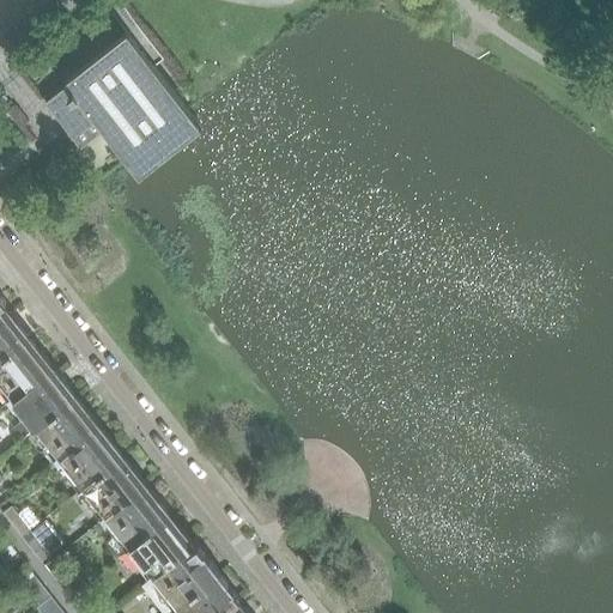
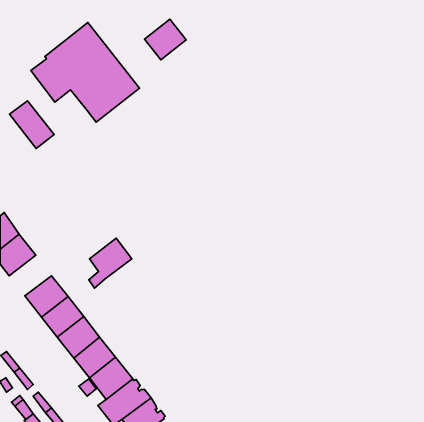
building: none -> [145,19,186,60]
building: none -> [10,101,54,149]
building: [12,371,74,443] -> [89,238,132,288]

